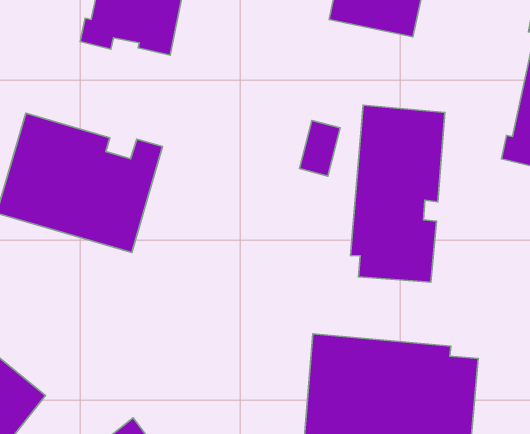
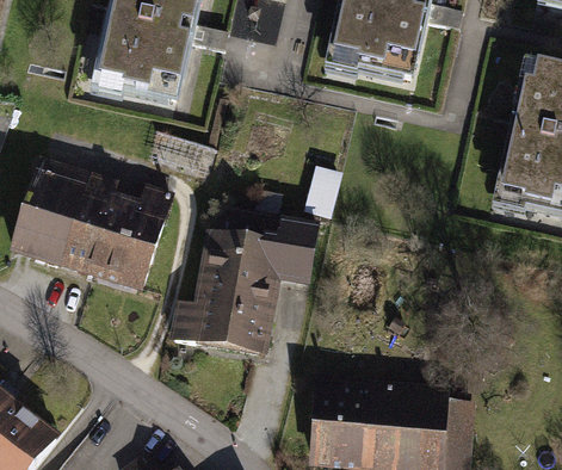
building: [350,105,445,282] -> none
building: none -> [171,203,315,355]

